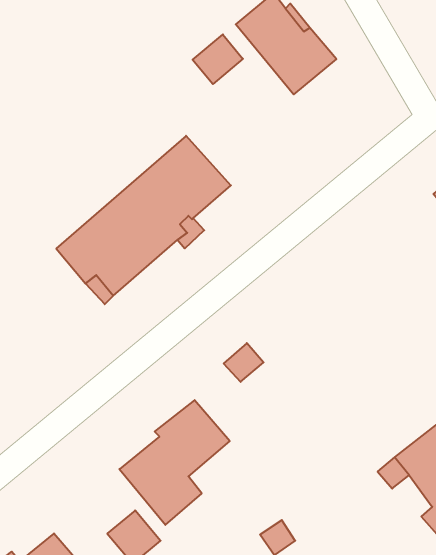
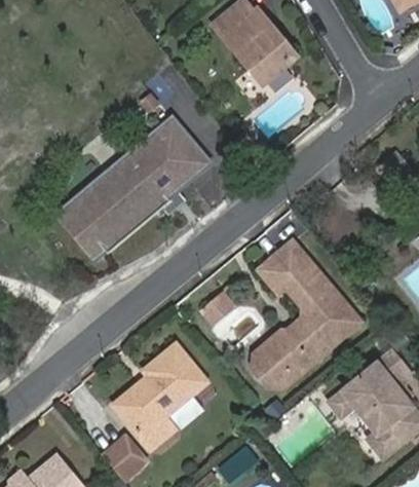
building: [193,34,243,84] -> none
building: none -> [255,242,360,389]

